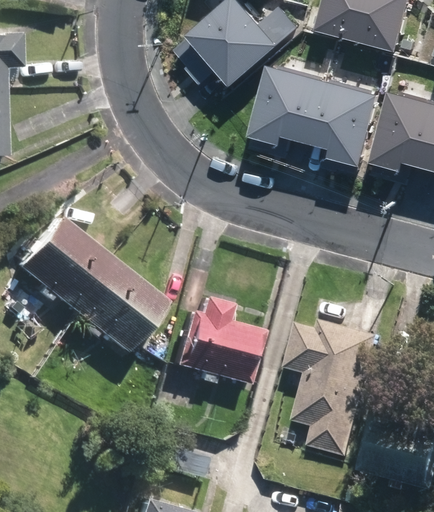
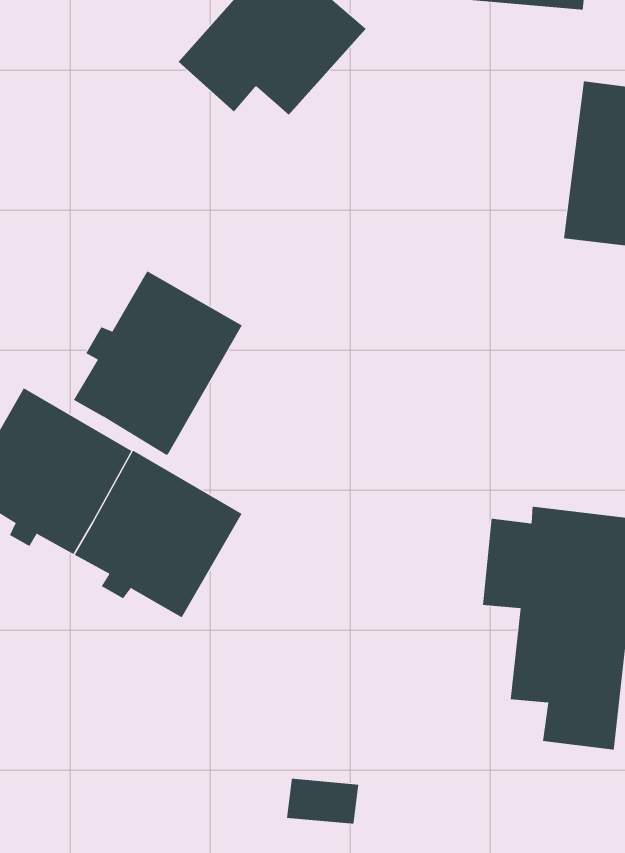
building: [243,66,376,179] -> none
building: none -> [73,270,242,456]
building: [174,288,264,379] -> none

